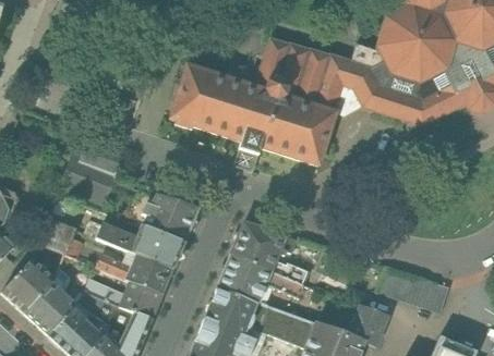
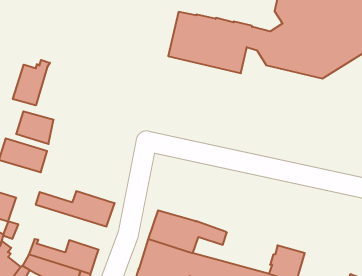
building: [169,64,335,164] -> none
building: none -> [13,60,50,105]
building: [140,194,197,243] -> none
building: [230,222,309,284] -> none
building: [93,254,172,293] -> none
building: [376,267,448,312] -> none

